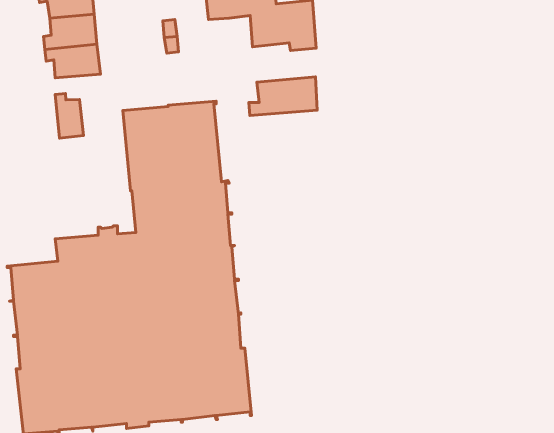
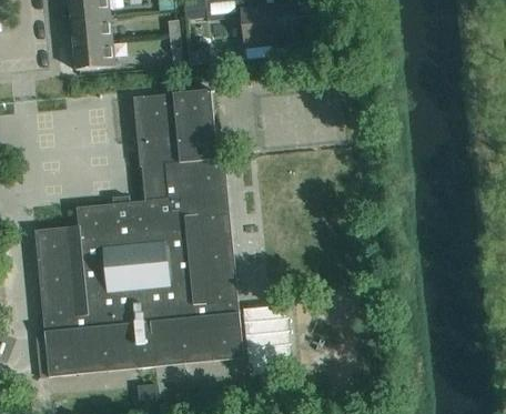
building: [249,77,317,116] -> none
building: [55,93,83,138] -> none

